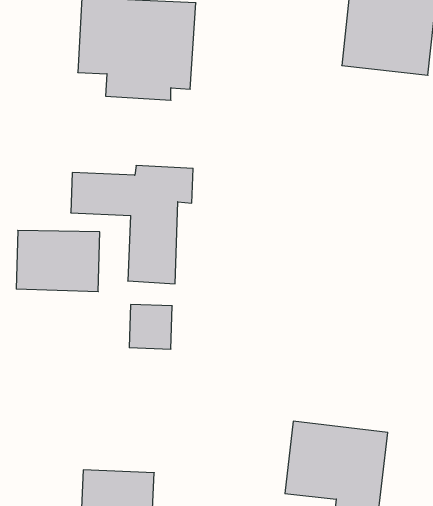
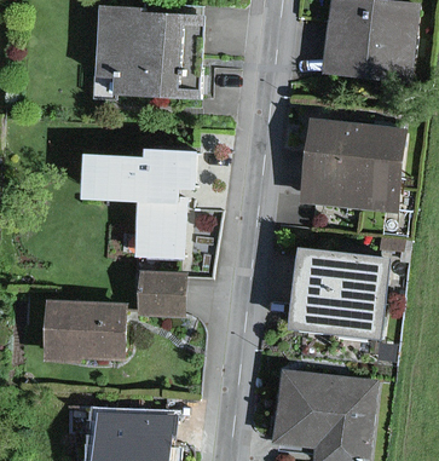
building: none -> [306,122,394,202]
building: [16,230,100,292] -> [46,307,119,361]
building: none -> [295,252,381,330]

